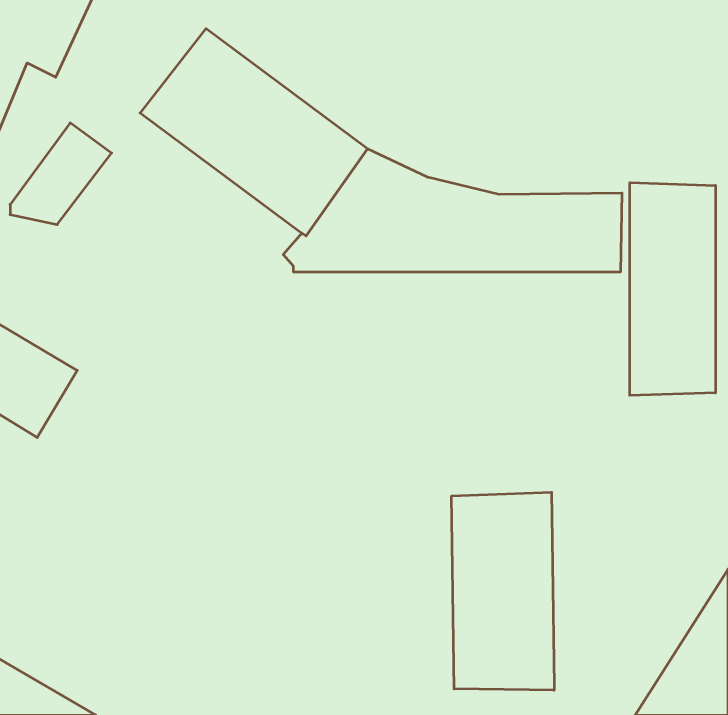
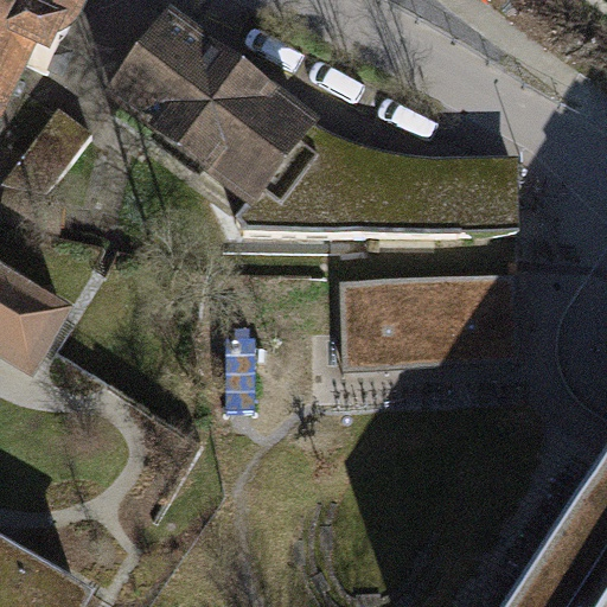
building: [630,183,715,395] -> none
building: none -> [340,273,518,365]
building: [452,492,554,690] -> none

